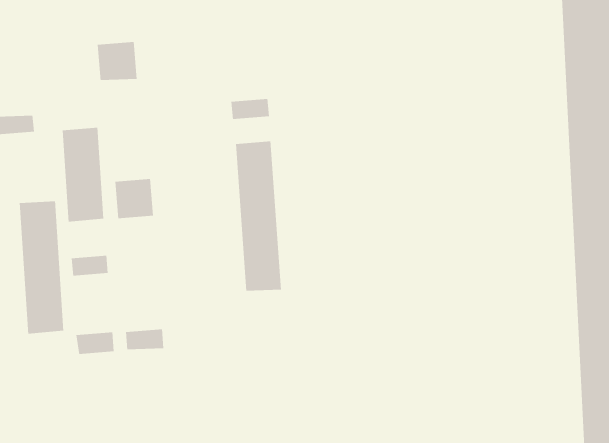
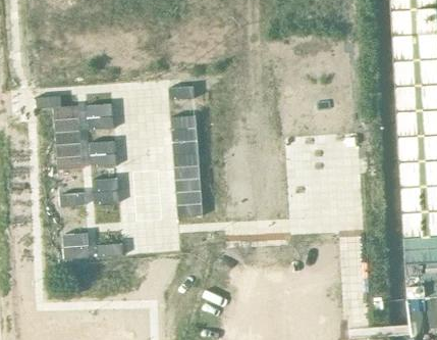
building: [97,42,138,81] -> [87,102,114,129]
building: [19,201,64,334] -> none
building: none -> [93,177,119,203]

